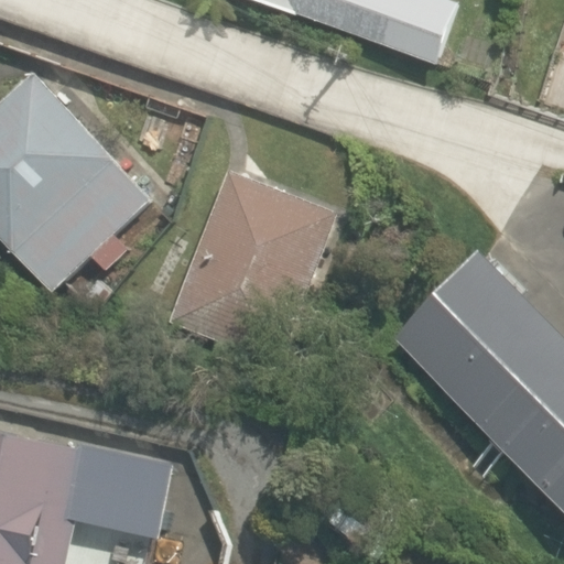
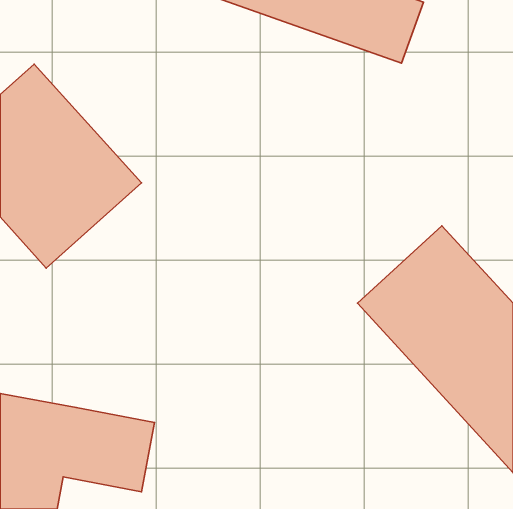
building: [174,166,339,351] -> none

